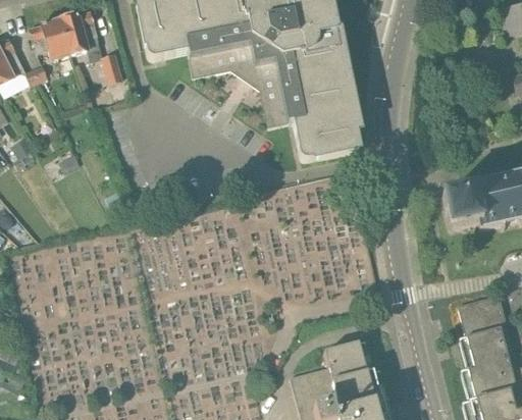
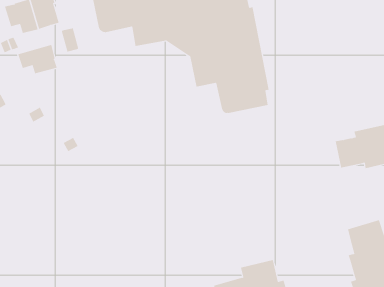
building: none -> [17,44,57,74]

